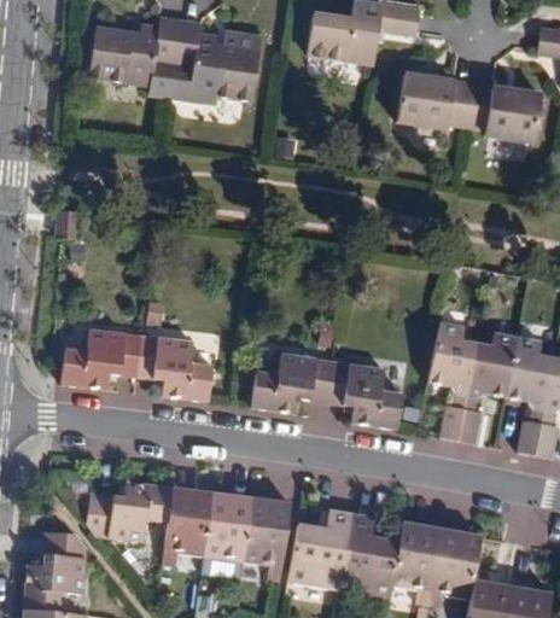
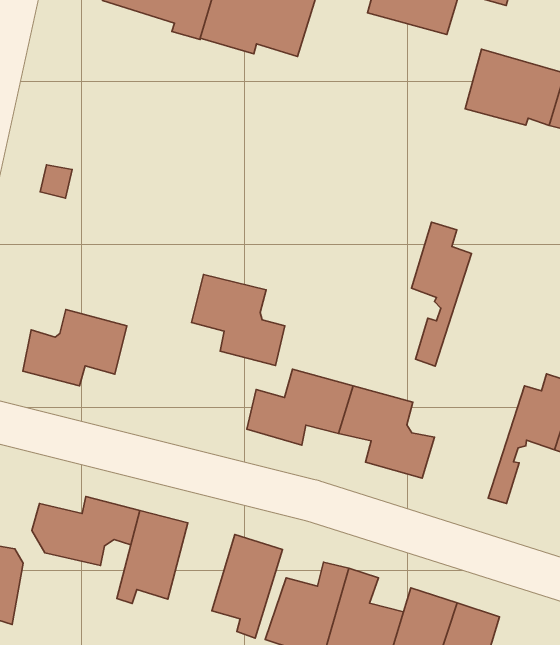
building: [430,321,476,439] -> [411,222,471,366]
building: [136,336,214,403] -> [192,274,285,366]
building: [204,491,252,572] -> none

